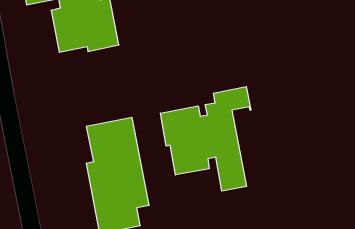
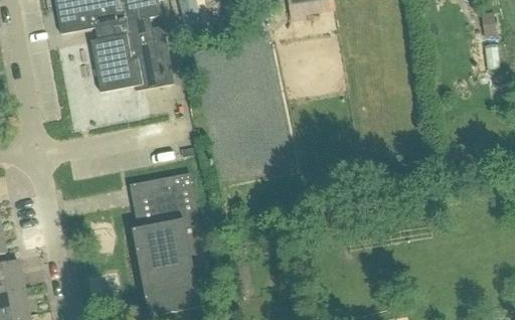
building: [160,87,251,191] -> none

